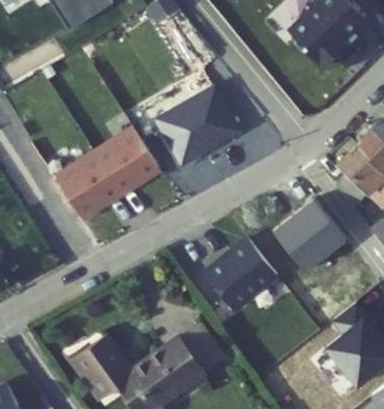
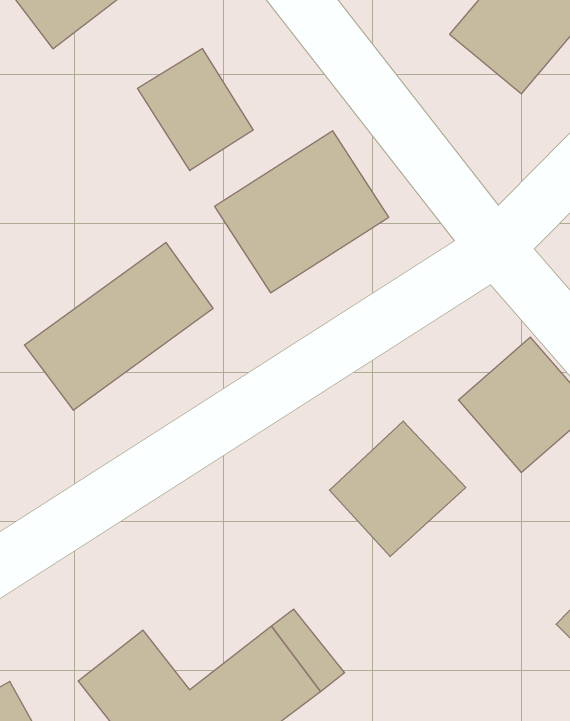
building: none -> [137,49,253,171]

